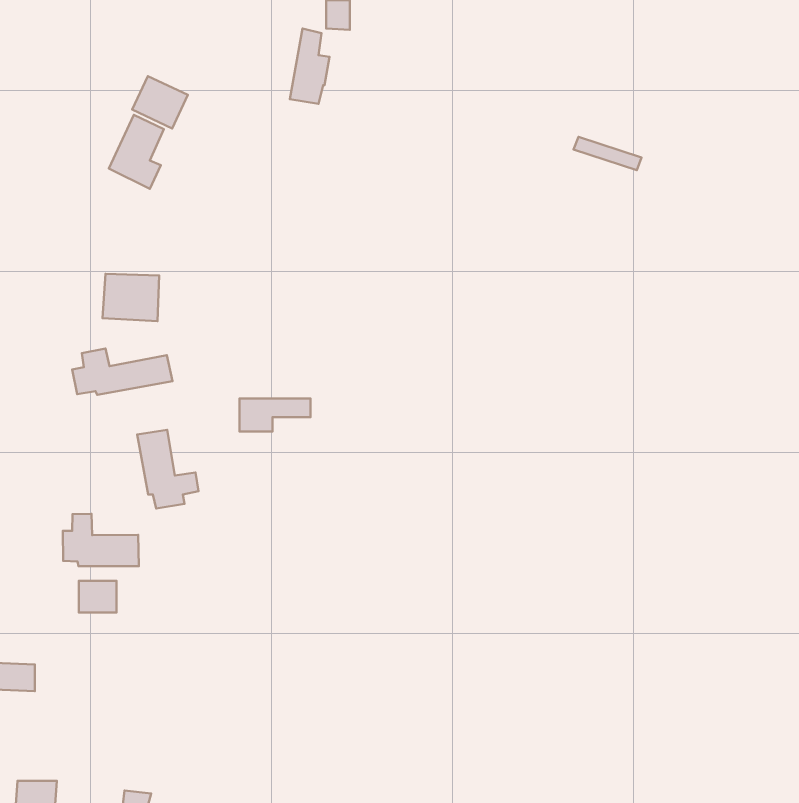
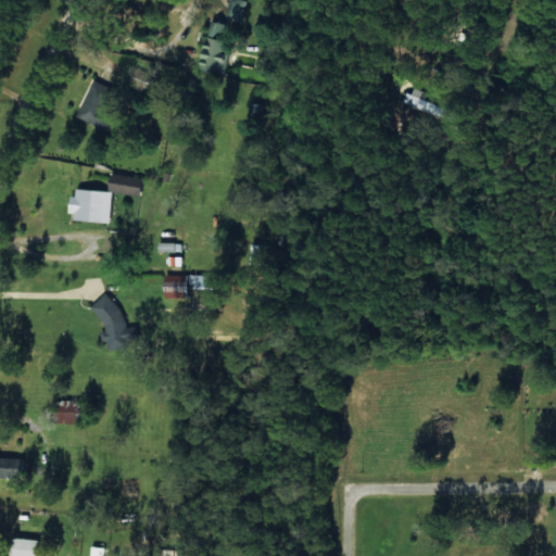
building: [132,76,188,128] -> none
building: none -> [108,175,142,197]
building: [72,348,173,395] -> none
building: [63,514,139,566] -> none

